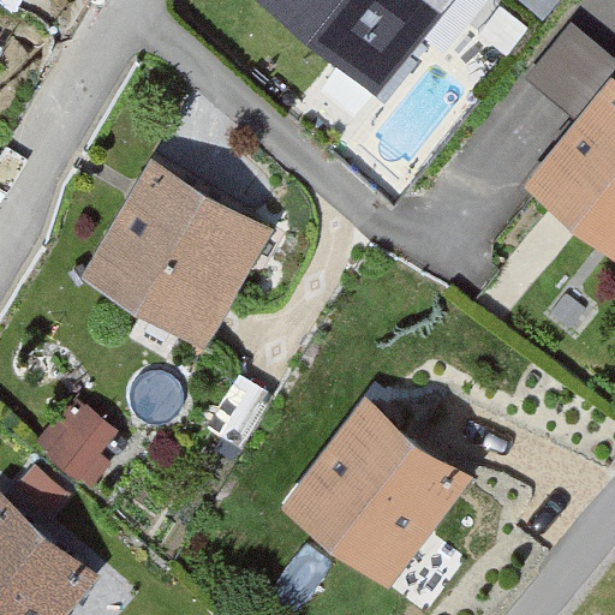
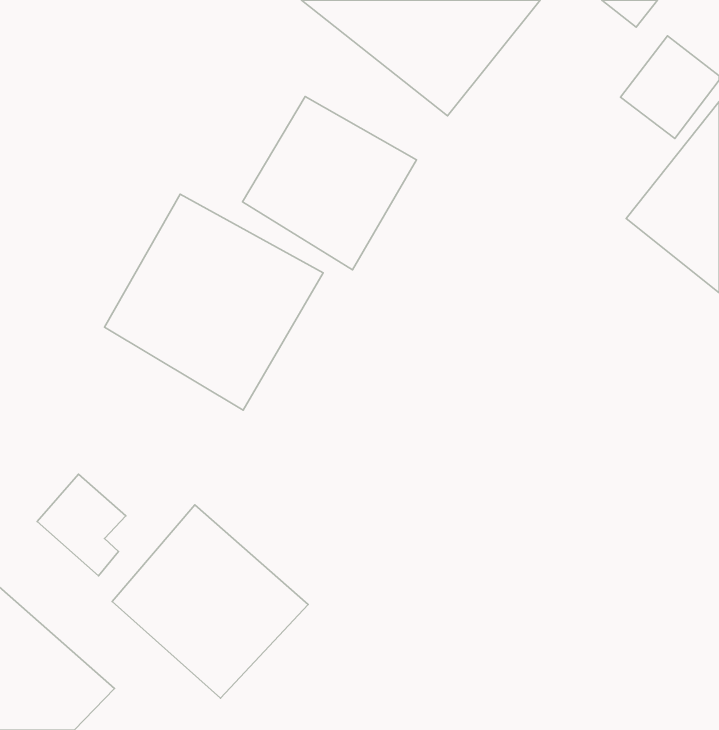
building: none -> [242,97,417,270]
building: [286,396,477,587] -> none
building: none -> [112,505,308,698]

